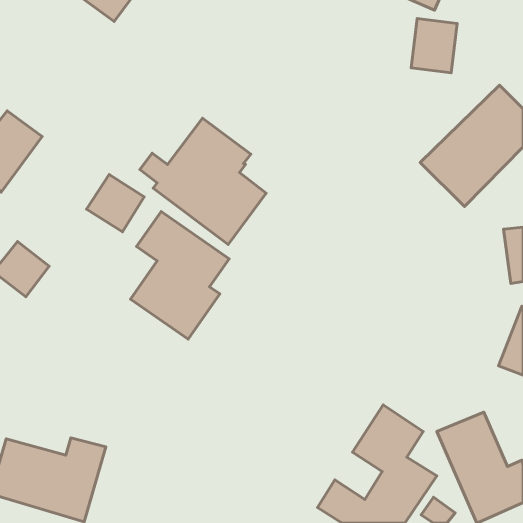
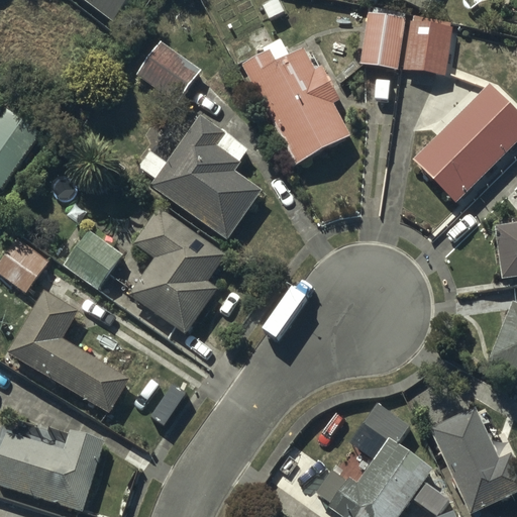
building: none -> [360,8,403,68]
building: none -> [136,40,200,103]
building: none -> [242,43,349,166]
building: [86,174,144,232] -> [64,232,120,289]
building: none -> [7,290,130,413]

